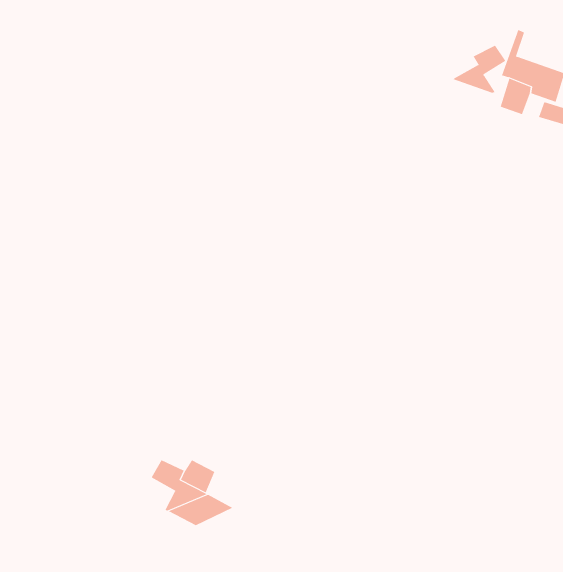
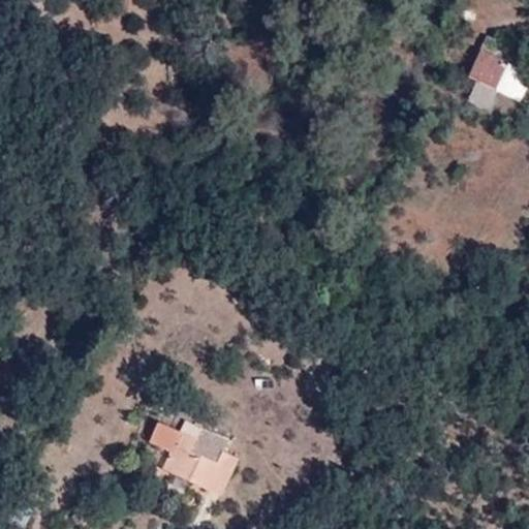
building: [451,45,506,94] -> none
building: none -> [191,433,236,496]

